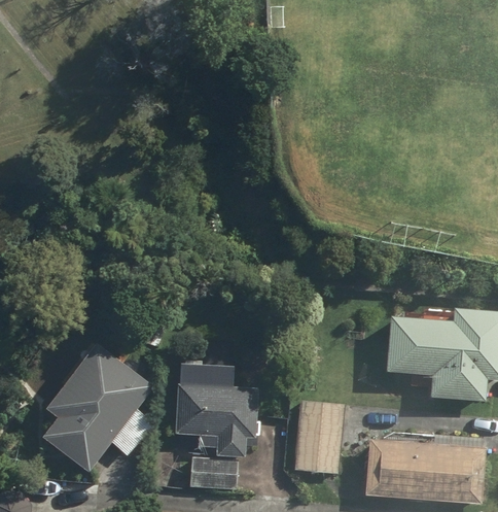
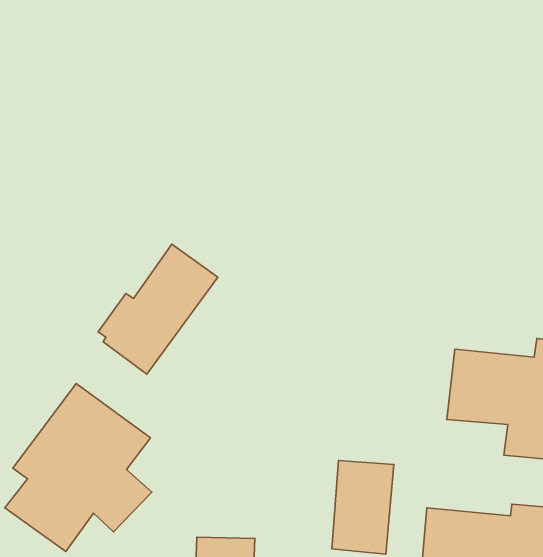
building: none -> [98,244,218,374]
building: [173,363,257,456] -> none

